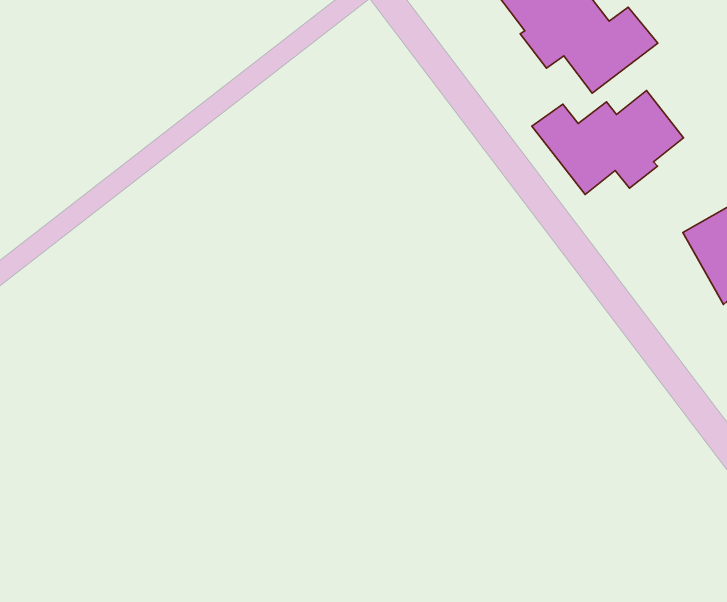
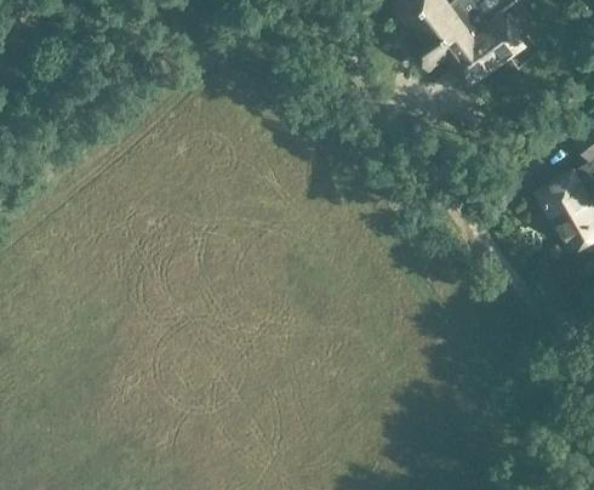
building: [532,91,684,195] -> none

